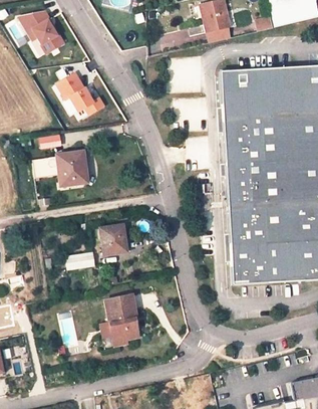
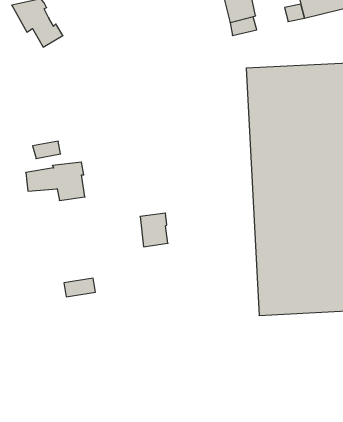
building: [58,72,105,114] -> none
building: [99,225,123,254] -> [140,213,168,247]
building: [104,294,138,347] -> none

